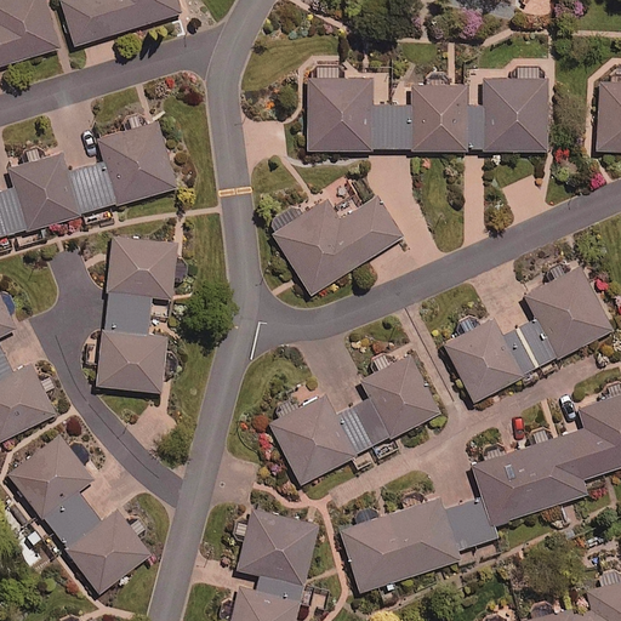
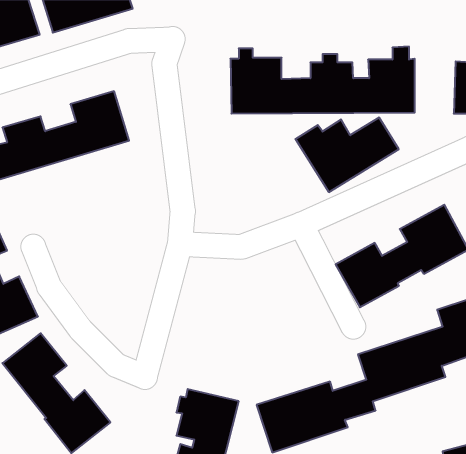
building: [267,196,401,294] -> [295,118,399,192]
building: [97,239,176,392] -> none
building: [272,352,441,486] -> none

